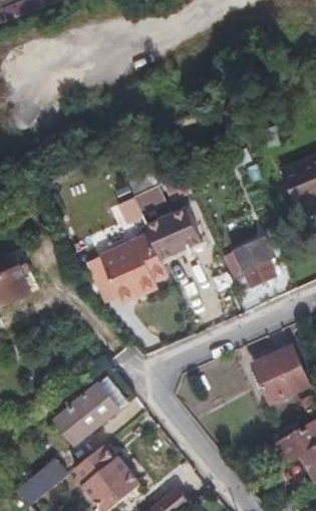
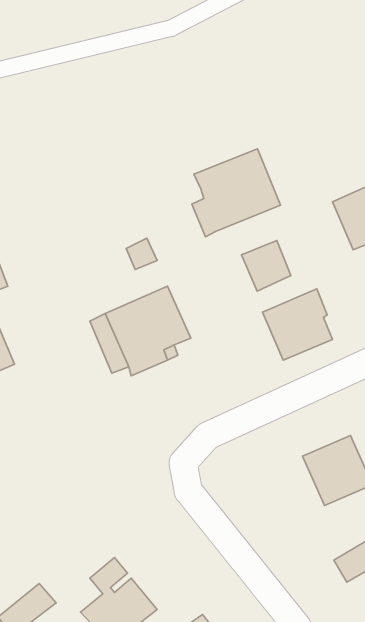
building: none -> [192,149,281,237]
building: [159,205,197,244] -> [242,241,291,291]
building: [54,382,118,445] -> none

